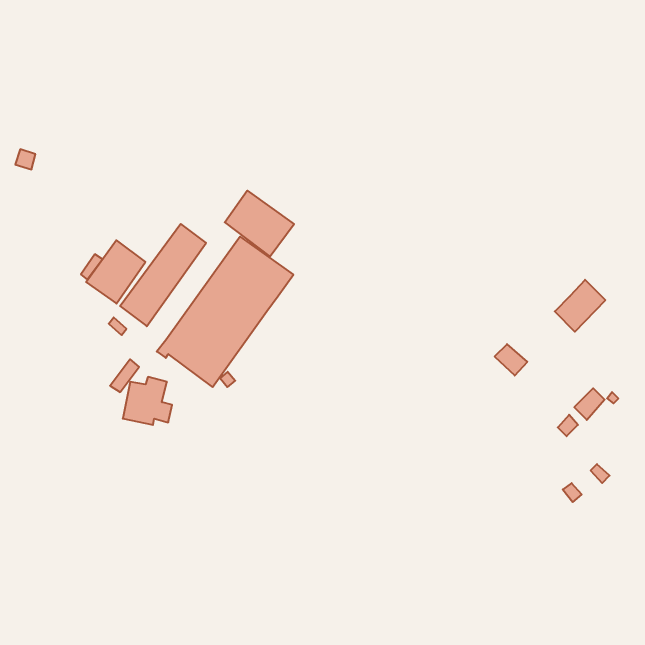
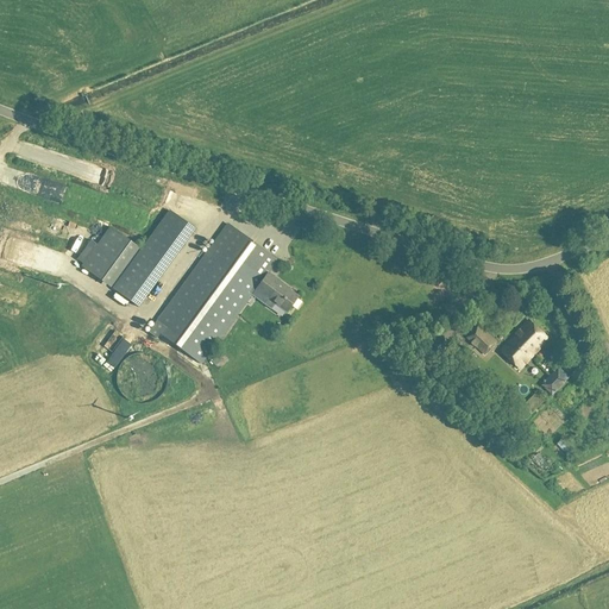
building: [225,191,294,256] -> none
building: [555,280,605,332] -> [500,319,547,368]
building: none -> [251,278,297,309]

